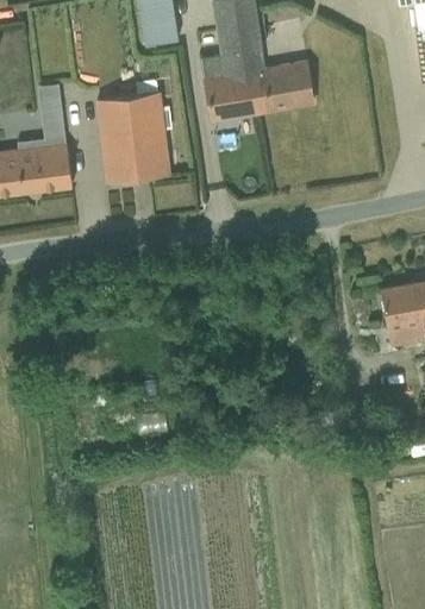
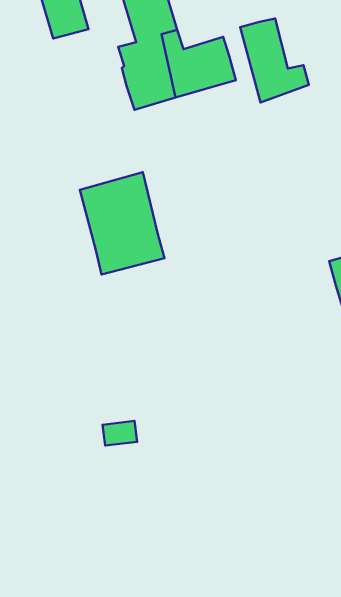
building: none -> [240,18,309,103]
building: [96,89,169,182] -> [80,172,165,275]

